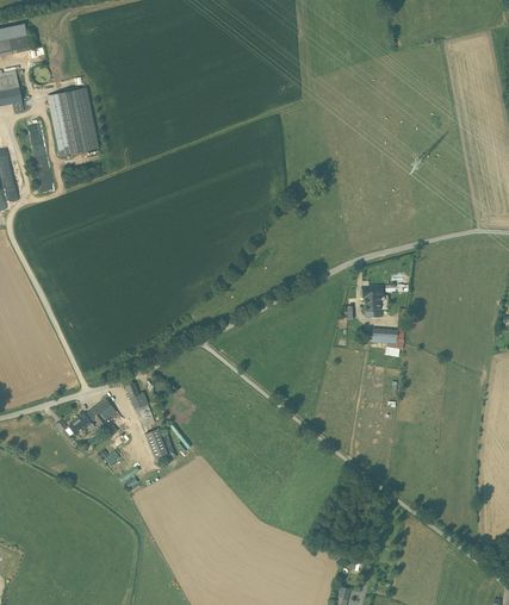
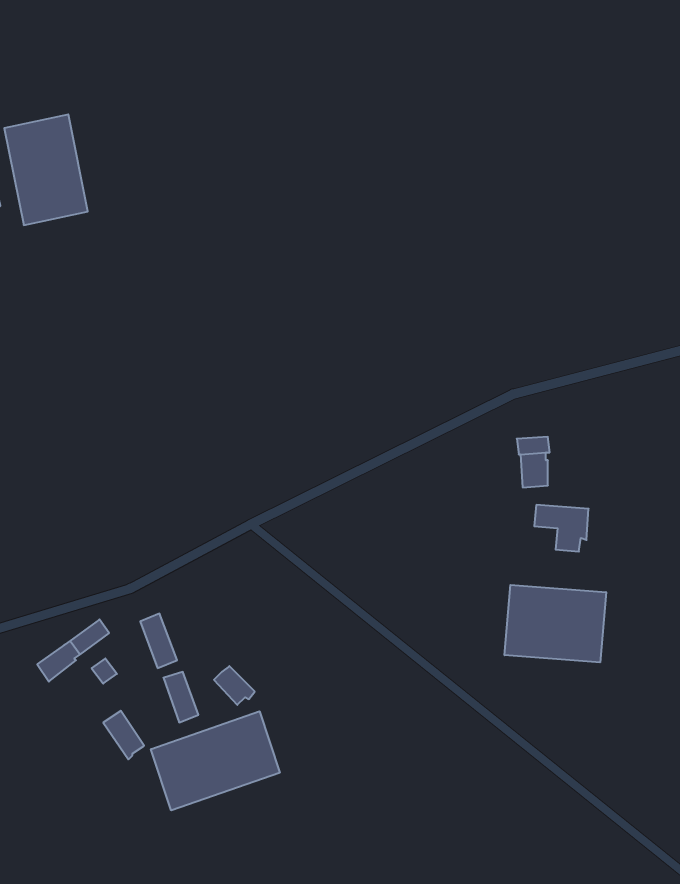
building: none -> [505,585,606,662]
building: none -> [151,711,280,810]

